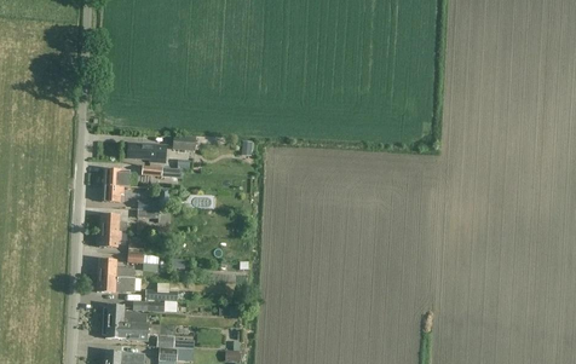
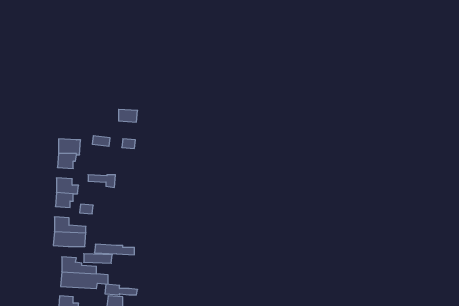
building: [127,141,166,162] -> none

